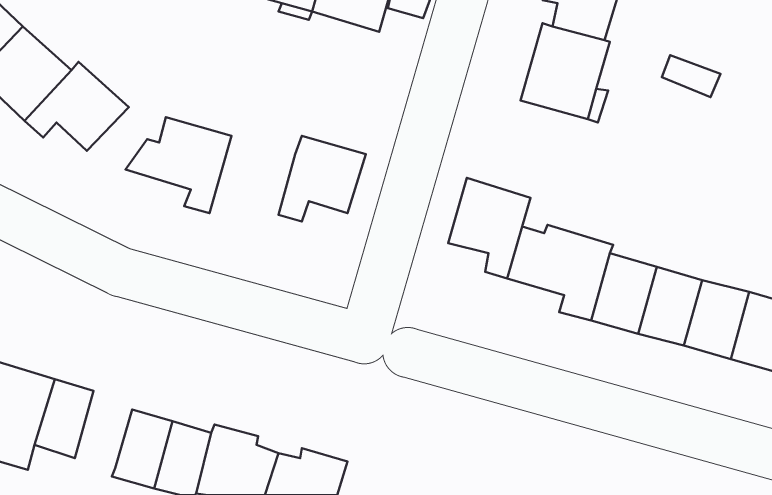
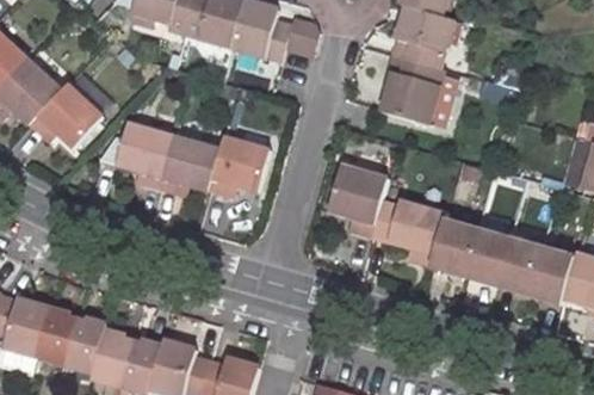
building: none -> [160,135,221,193]
building: none -> [64,316,106,371]

